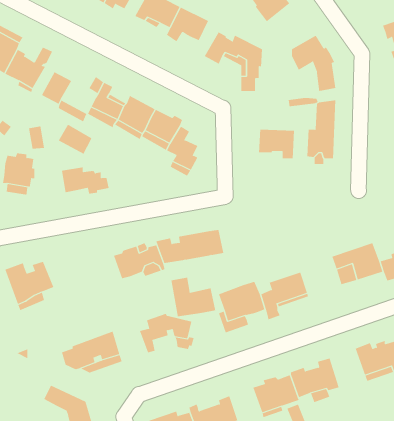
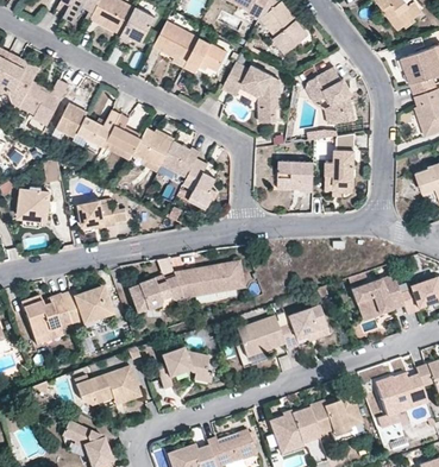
building: [58,124,92,155] -> [77,115,112,146]
building: none -> [59,288,108,321]
building: [171,277,216,317] -> none

